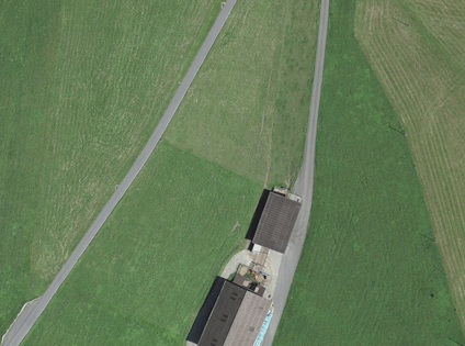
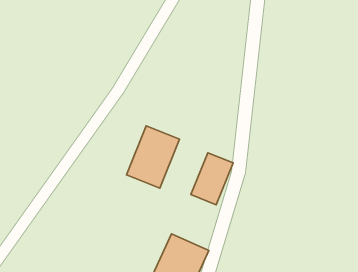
building: none -> [127,126,180,188]

